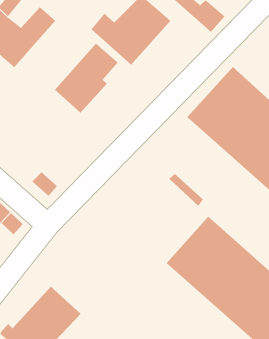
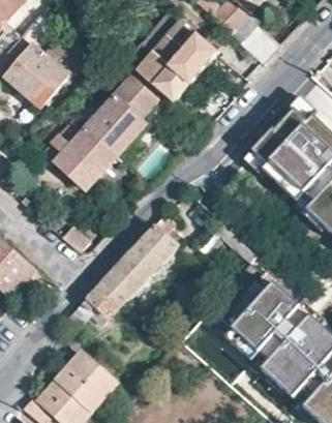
building: none -> [49,129,116,189]
building: none -> [65,213,178,330]

